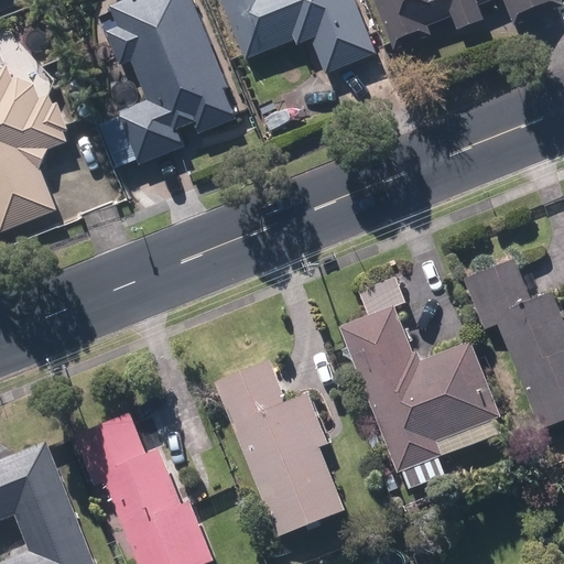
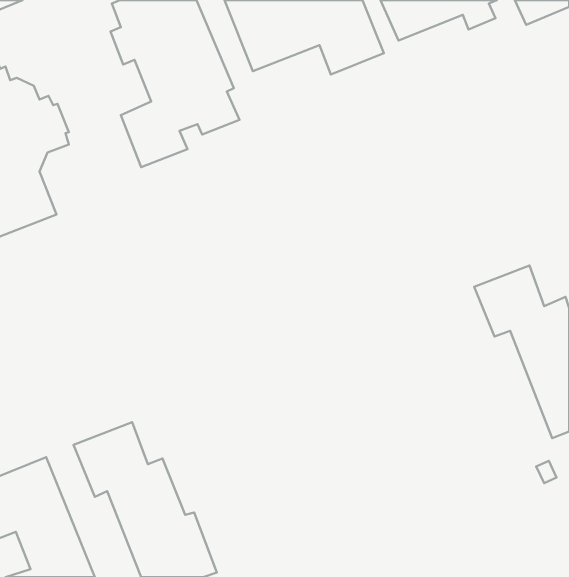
building: [341,275,501,487] -> none
building: [215,358,344,534] -> none

